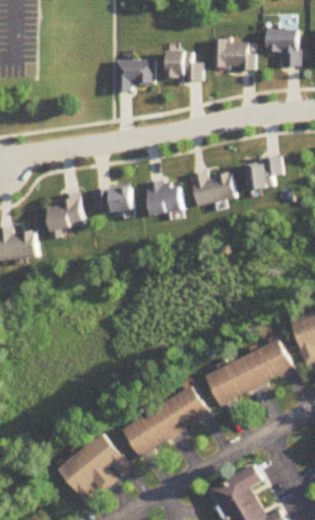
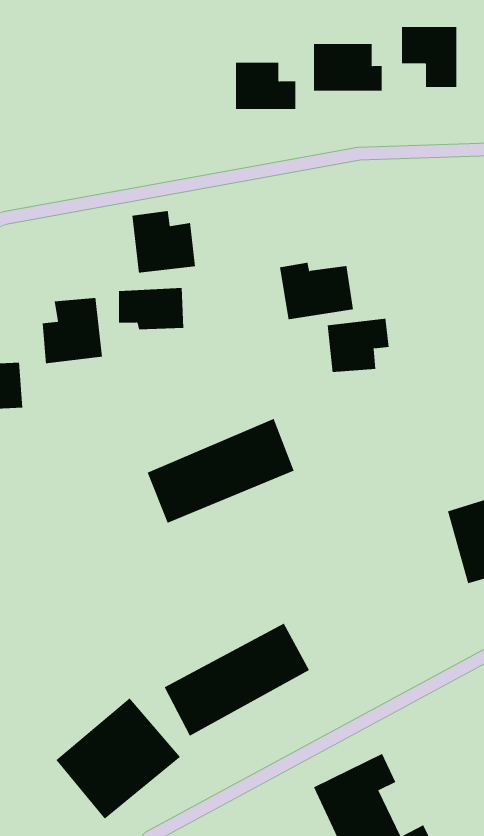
building: [112,59,152,90] -> none
building: [246,157,284,190] -> [327,318,390,372]
building: [146,178,185,215] -> [131,211,196,273]
building: [205,341,294,404] -> [147,418,295,523]

